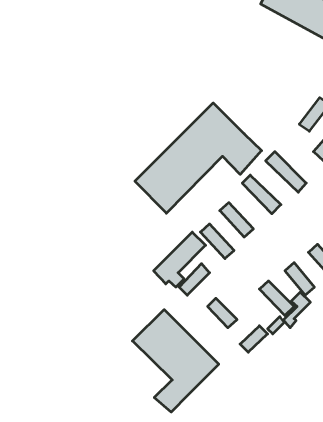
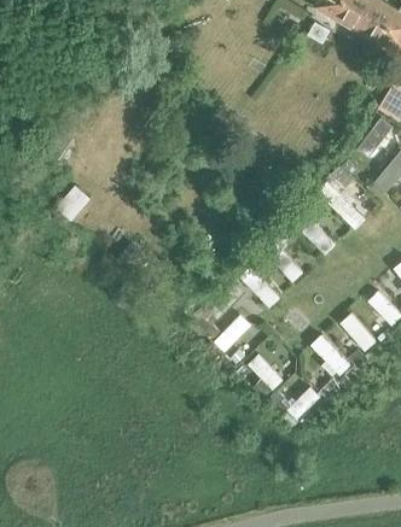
building: [135,103,262,213] -> none
building: [132,310,219,412] -> none

